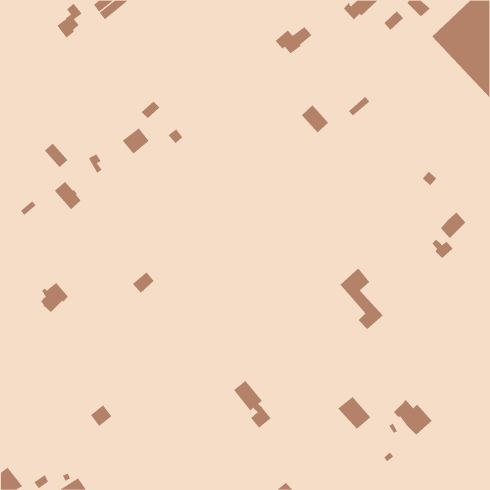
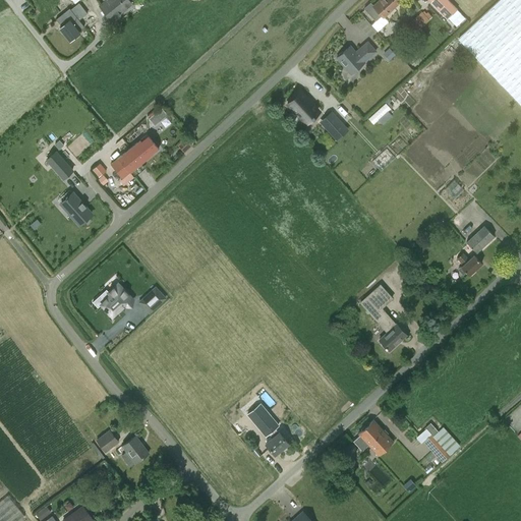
building: [275,27,312,54] -> [337,41,377,70]
building: none -> [288,91,319,124]
building: none -> [112,150,141,178]
building: [40,282,69,313] -> [102,286,132,319]
building: none -> [121,436,149,467]

